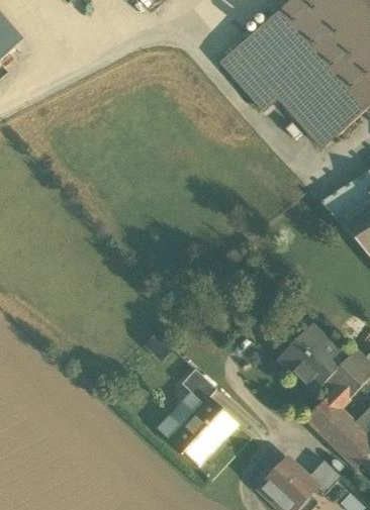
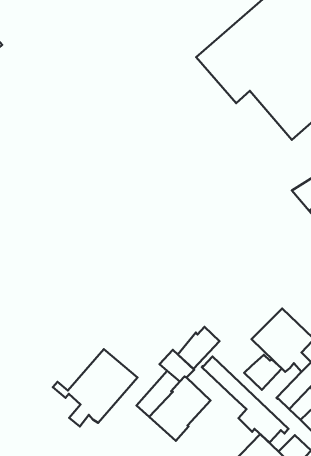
building: none -> [178,327,219,369]
building: none -> [53,349,137,427]
building: none -> [244,355,282,390]
building: none -> [202,356,288,443]

